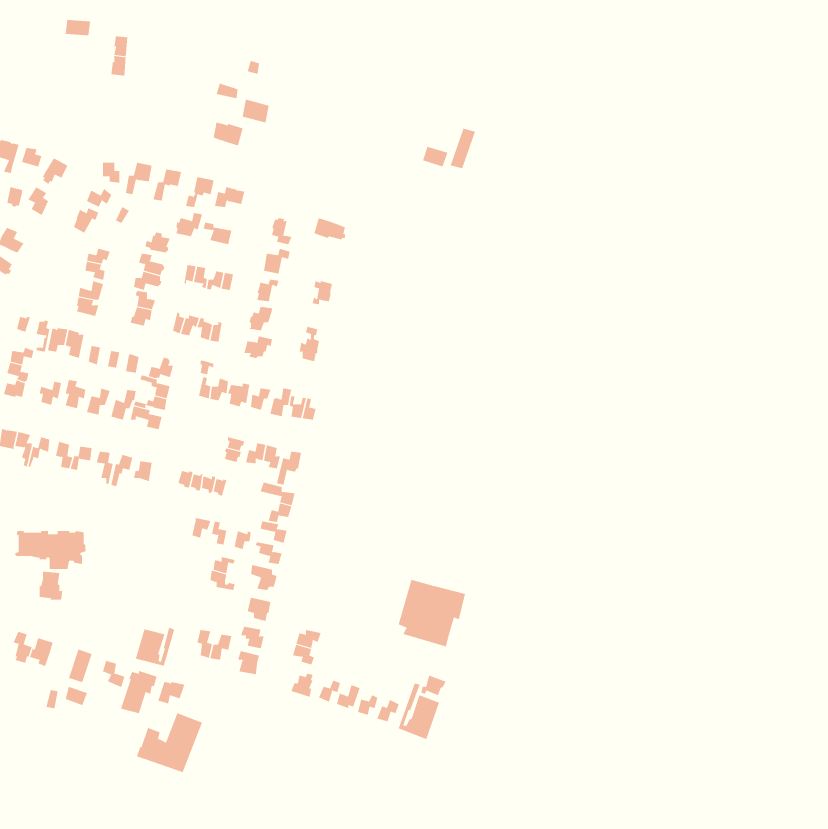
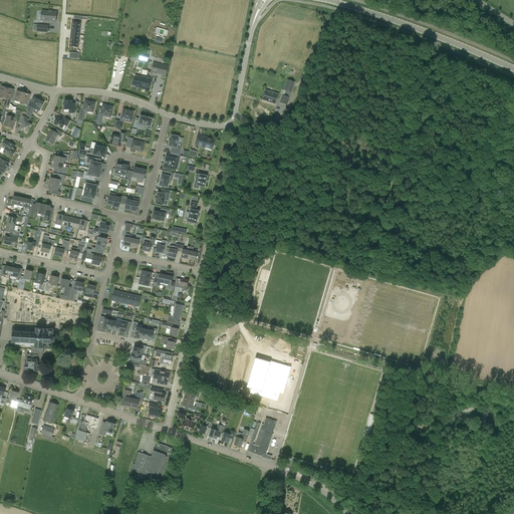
building: [135,627,175,667] -> none
building: [136,713,203,773] -> [131,443,172,480]

